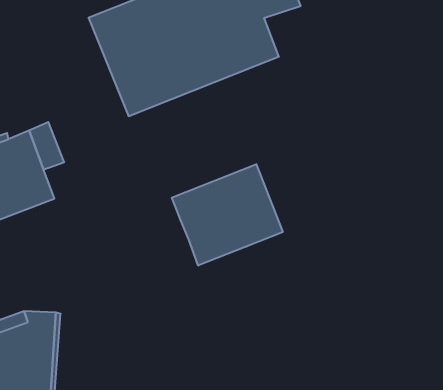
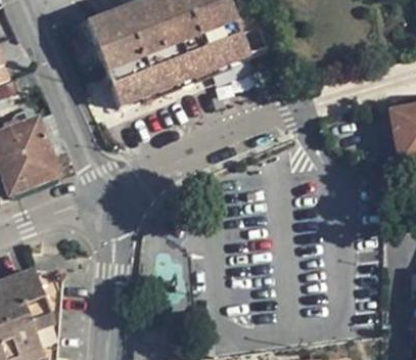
building: [172,164,283,266] -> none

